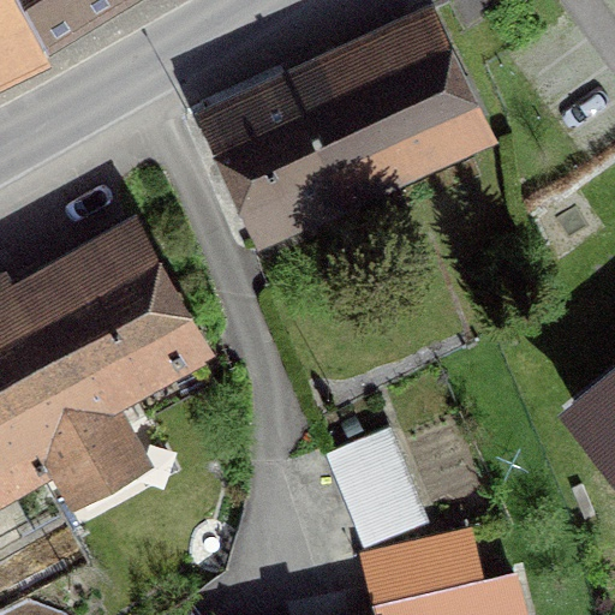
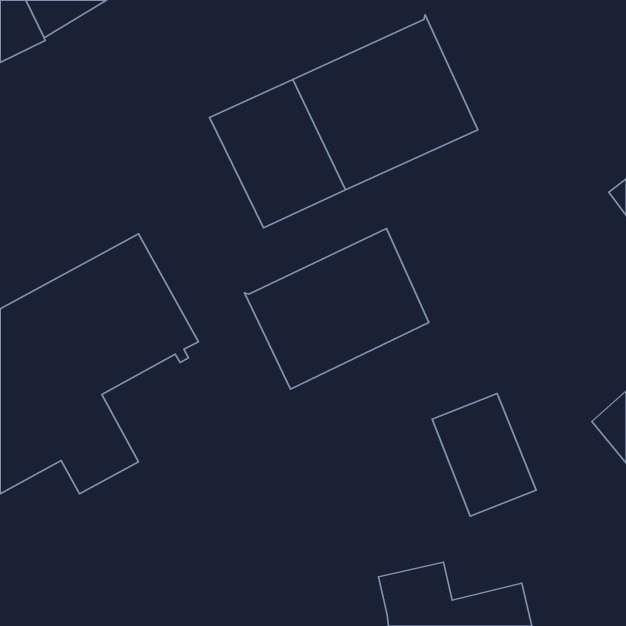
building: none -> [244,229,429,389]
building: [326,424,428,544] -> [432,393,536,516]

